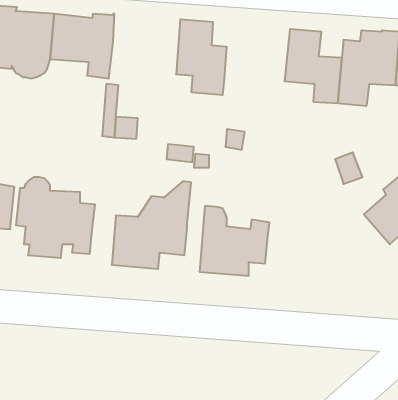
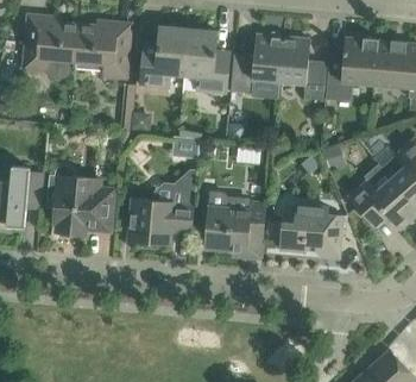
building: none -> [140,26,188,89]
building: none -> [231,35,283,94]
building: none -> [279,205,342,259]

